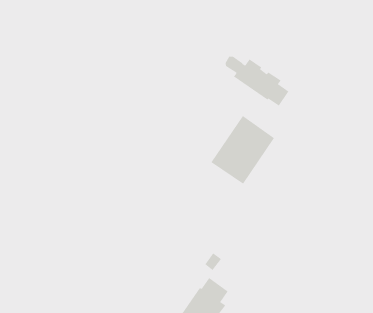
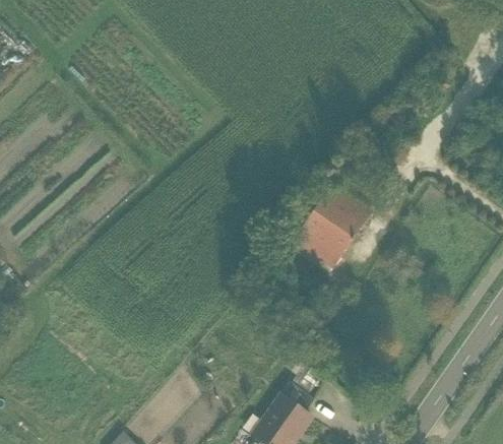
building: [225,56,289,107] -> none

